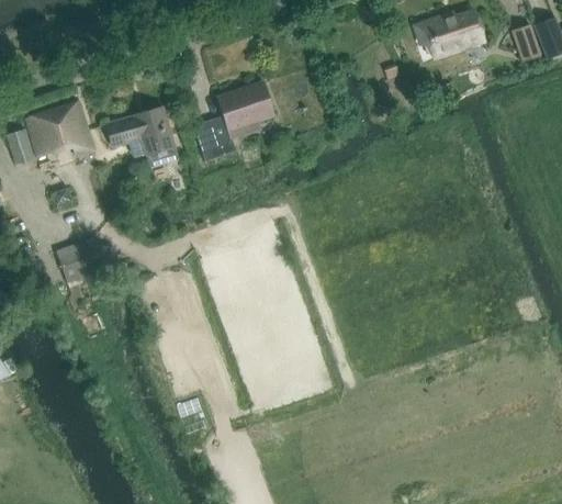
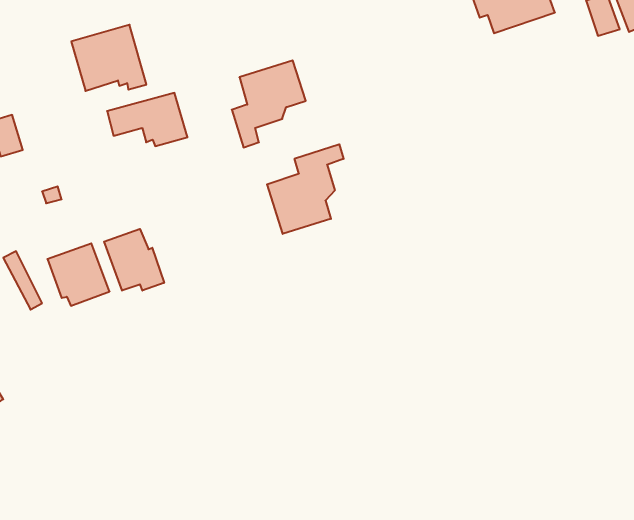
building: [27,101,91,157] -> [71,25,146,91]
building: none -> [267,144,344,234]
building: none -> [104,229,164,291]

